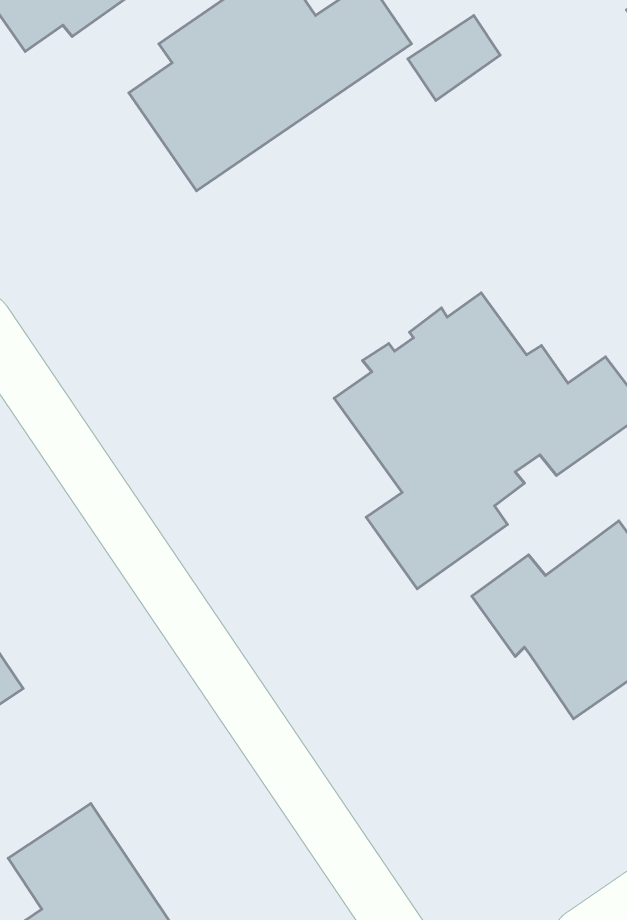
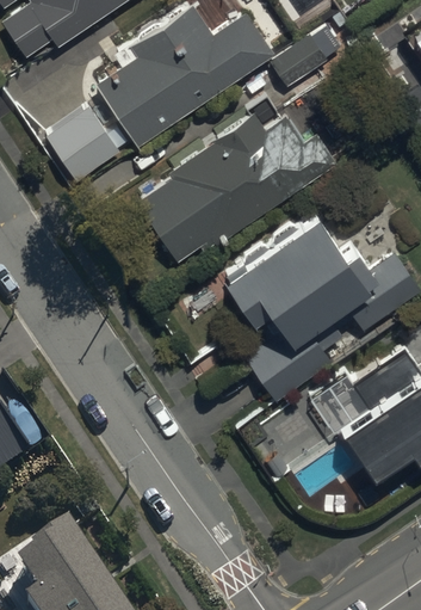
building: none -> [138,109,334,257]
building: none -> [51,115,125,189]

